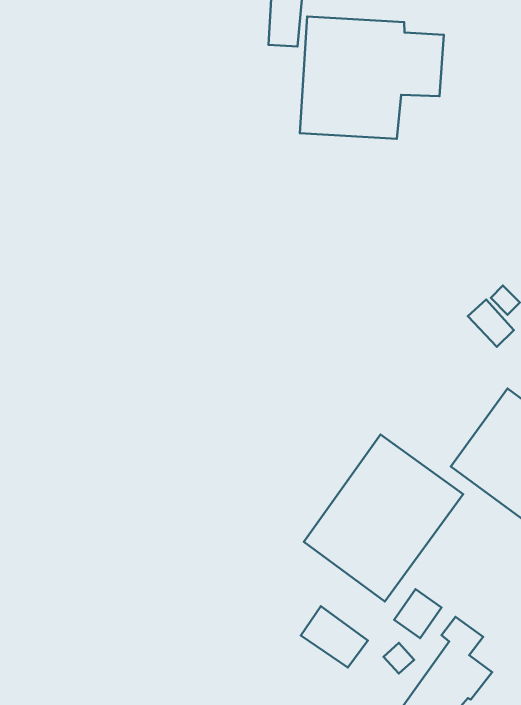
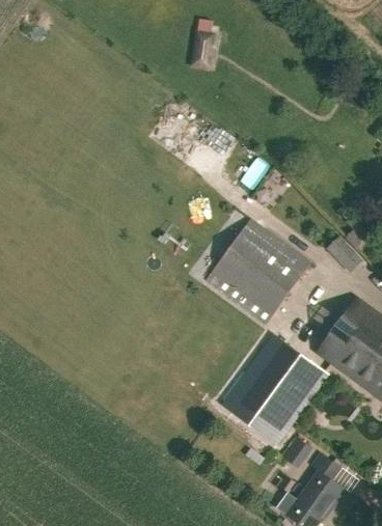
building: [300,16,444,139] -> none
building: none -> [202,217,310,323]
building: [301,606,368,667] -> none

